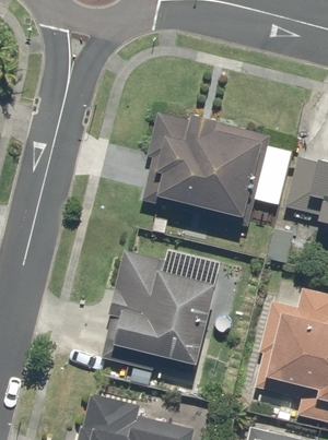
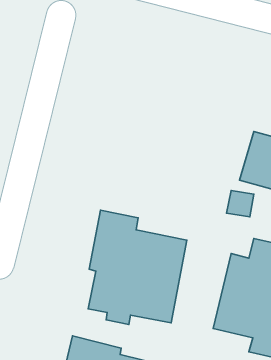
building: [143,108,265,219] -> none

